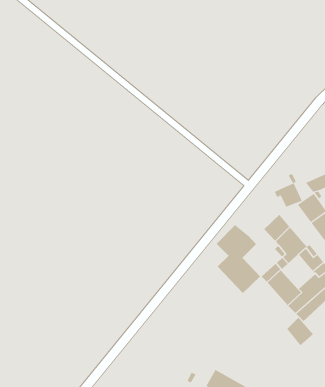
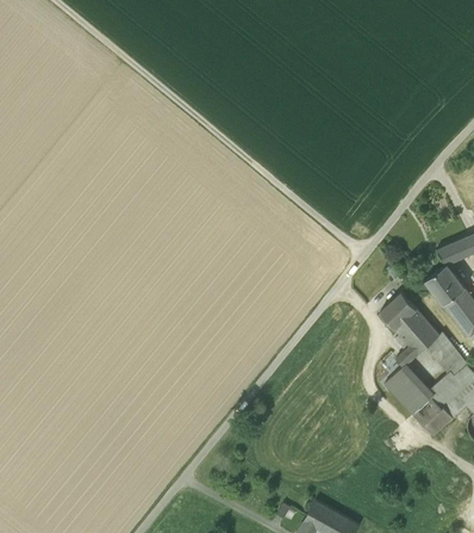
building: [274,173,303,208] -> none
building: [216,224,261,294] -> none
building: [286,317,314,346] -> none

